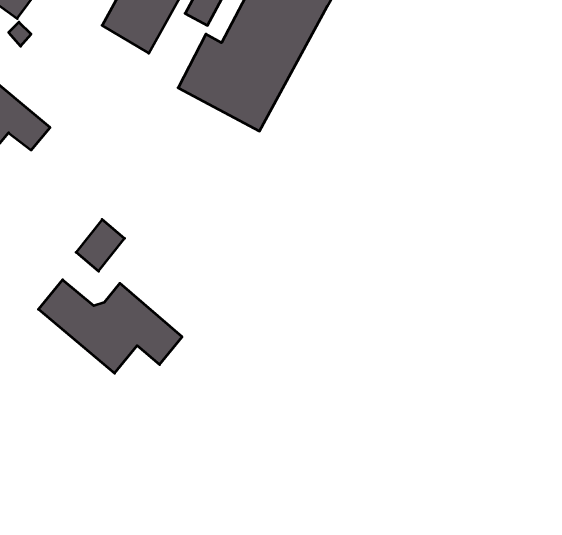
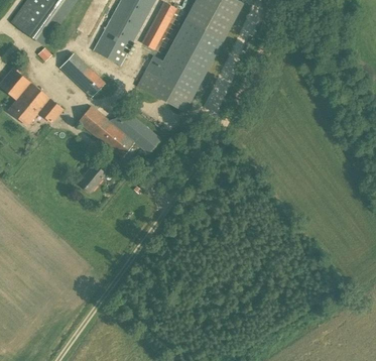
building: none -> [59,52,105,97]
building: [38,280,182,373] -> [77,104,160,158]

